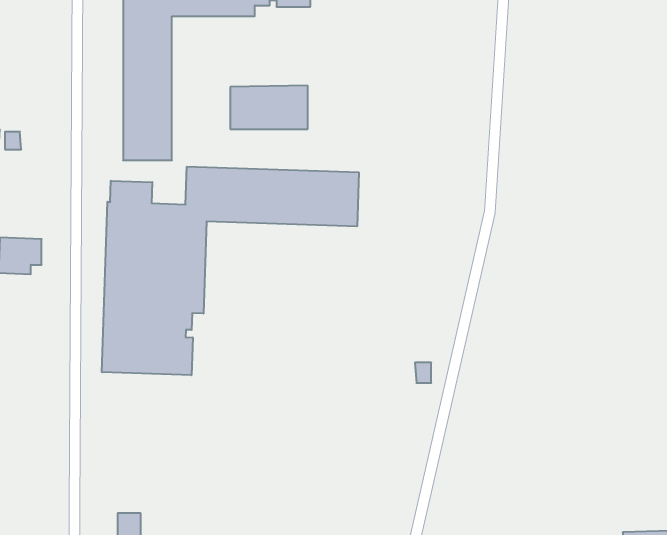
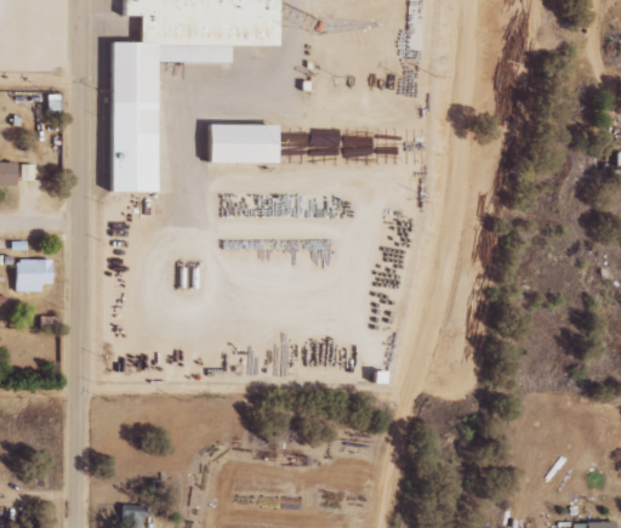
building: [102,167,359,375] -> none

